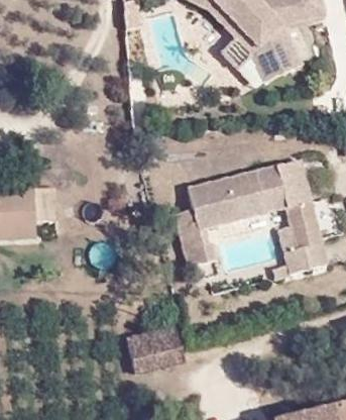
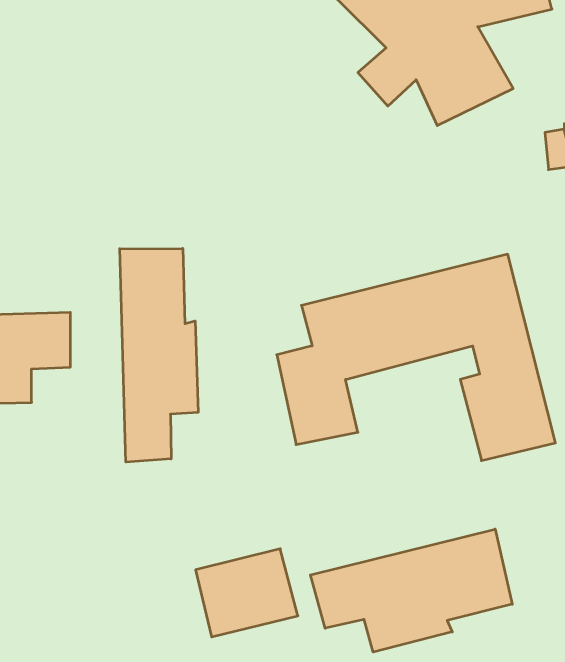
building: none -> [120,248,198,462]
building: none -> [310,529,512,652]

